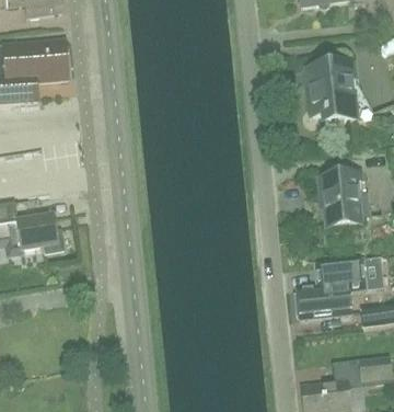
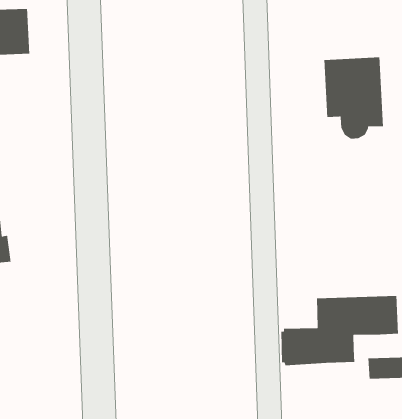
building: [318,172,364,225] -> none

